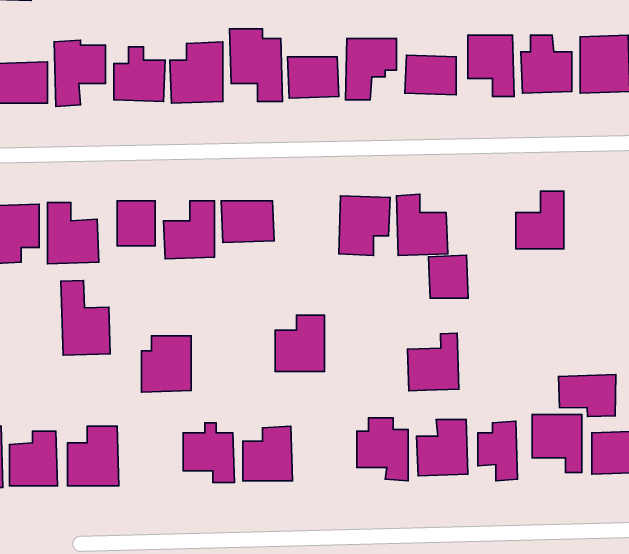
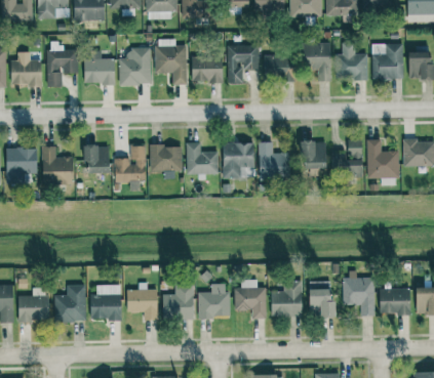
building: none -> [367,139,398,185]
building: none -> [187,142,219,174]
building: [429,255,468,298] -> [301,141,325,168]
building: [61,280,110,355] -> none
building: [275,315,325,372] -> [198,283,229,318]
building: [408,333,459,391] -> none
building: [142,336,191,392] -> [90,285,121,320]
building: [558,375,616,417] -> none

